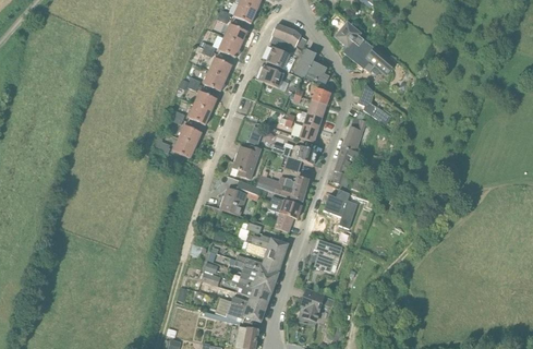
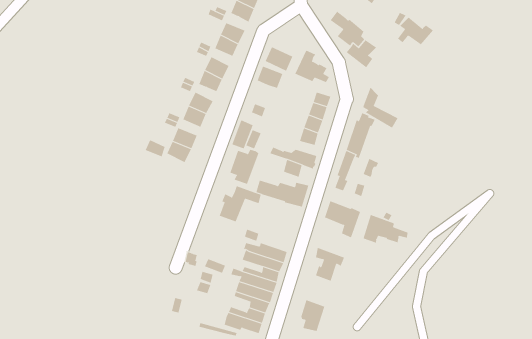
building: [270,23,301,50] -> none
building: [363,46,398,73] -> [397,17,434,45]
building: [267,195,301,230] -> none
building: none -> [363,214,408,244]

